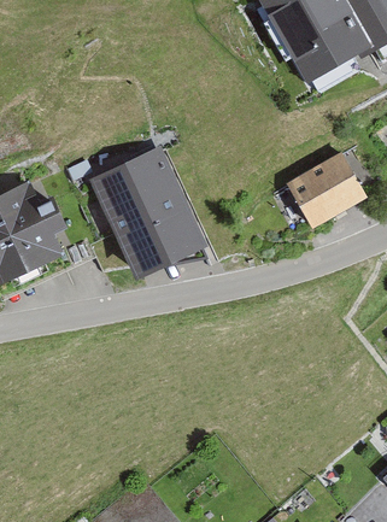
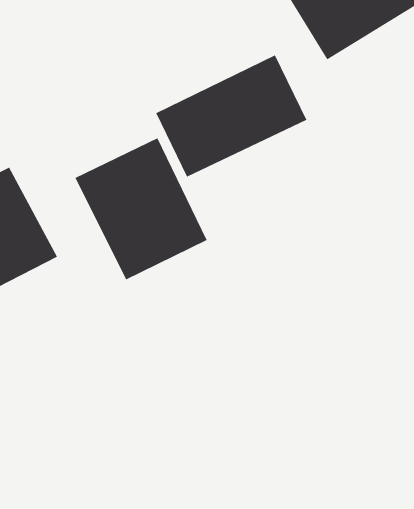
building: none -> [156,55,307,178]
building: [287,148,367,228] -> none

